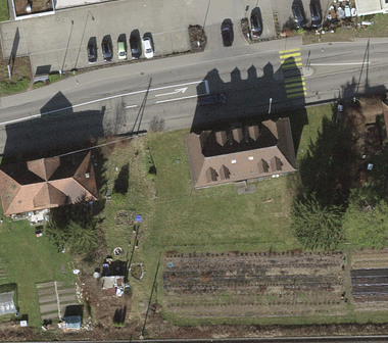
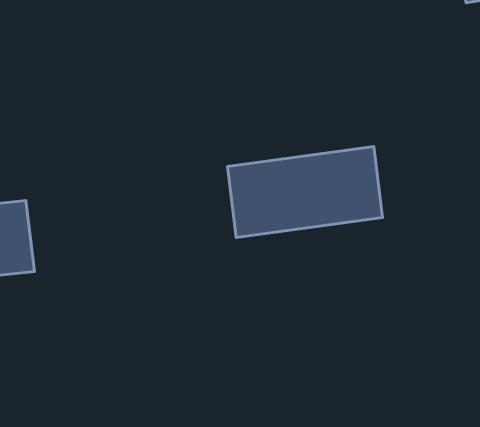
building: [42,152,96,209] -> none

